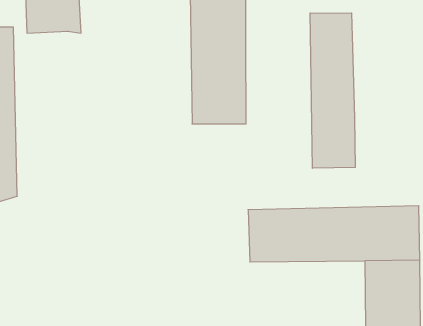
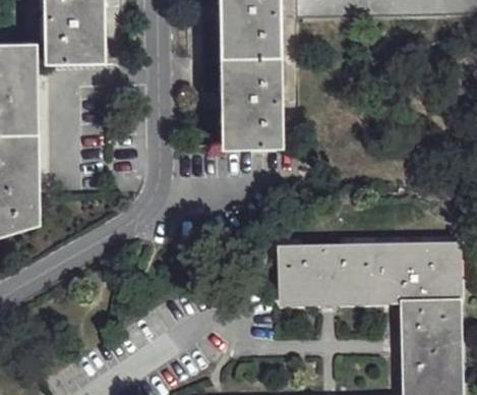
building: [310,13,355,168] -> none

